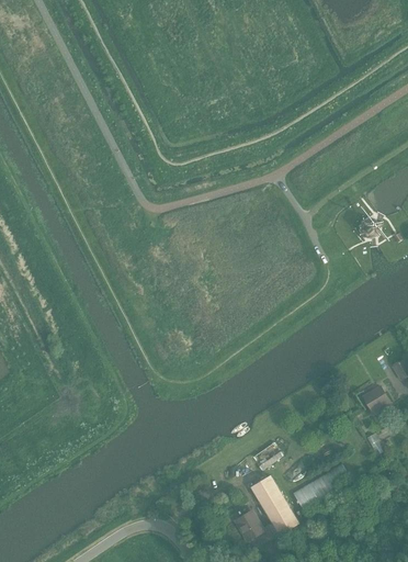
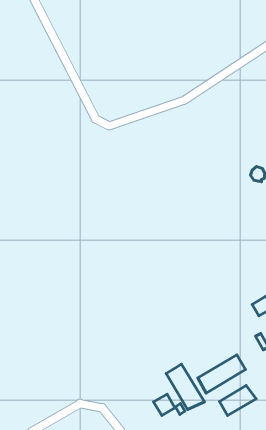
building: none -> [220,385,256,415]

